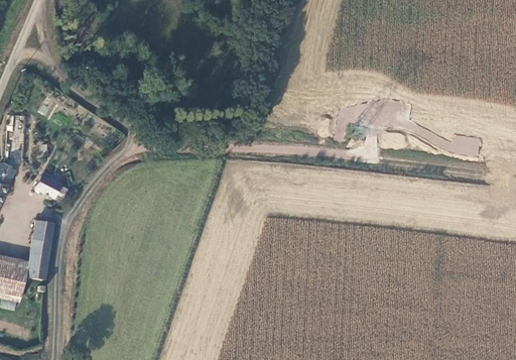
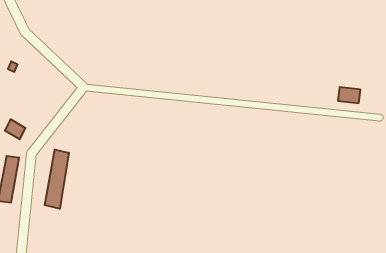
building: none -> [45,149,69,209]

